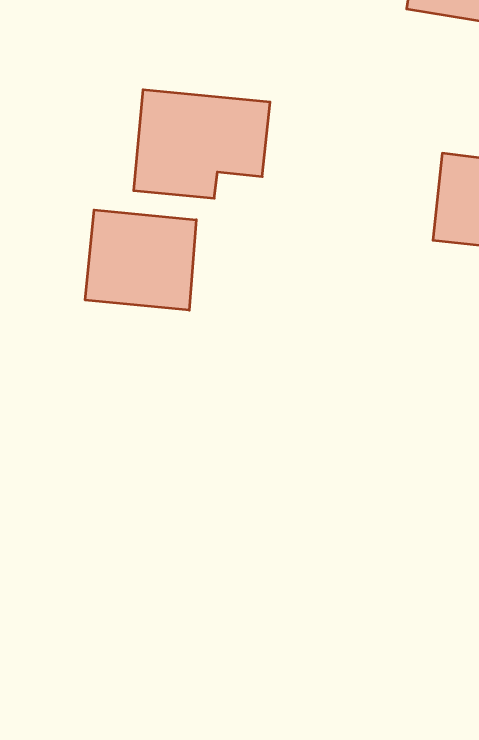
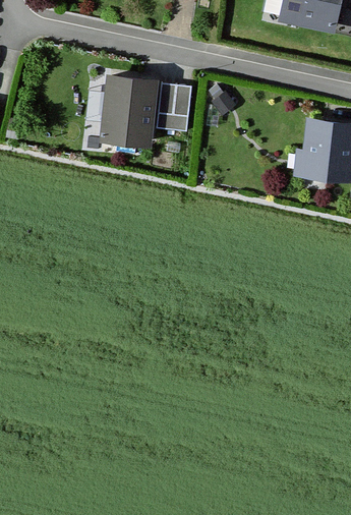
building: [85,210,196,310] -> none

